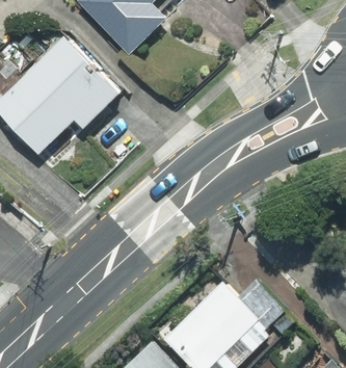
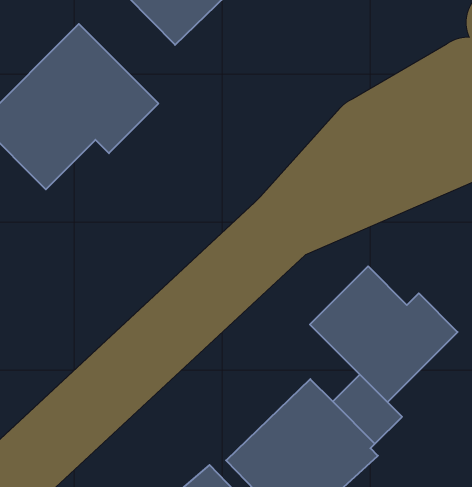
building: none -> [310,266,458,402]

